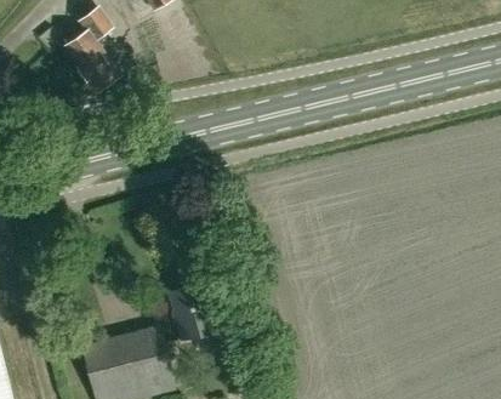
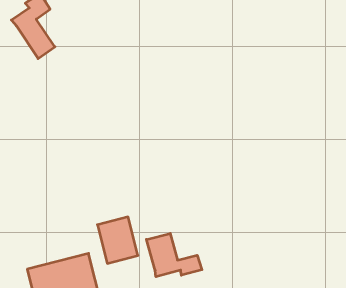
building: none -> [146,233,202,277]

